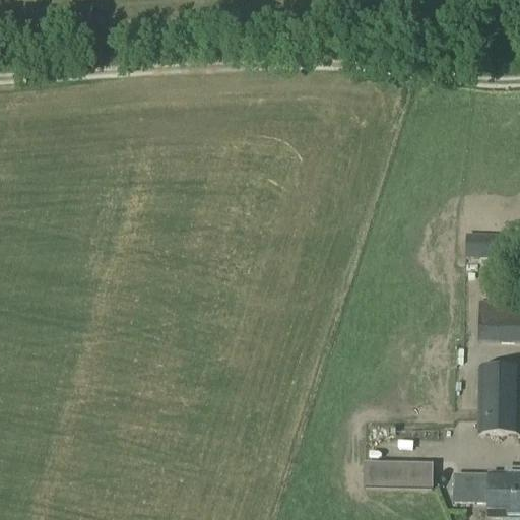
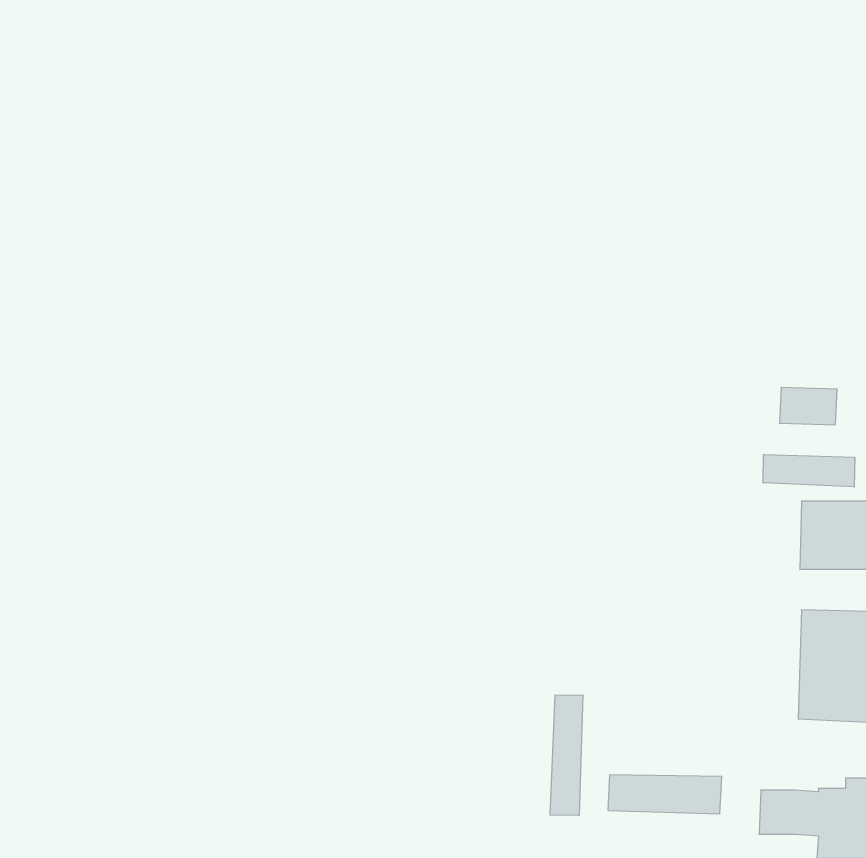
building: none -> [763,454,855,487]
building: none -> [550,695,583,815]

